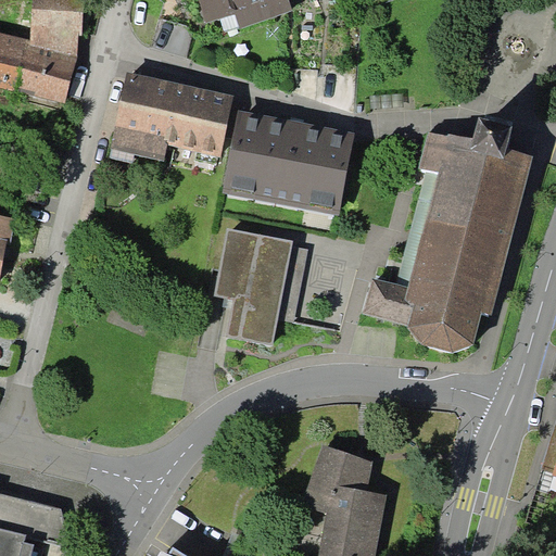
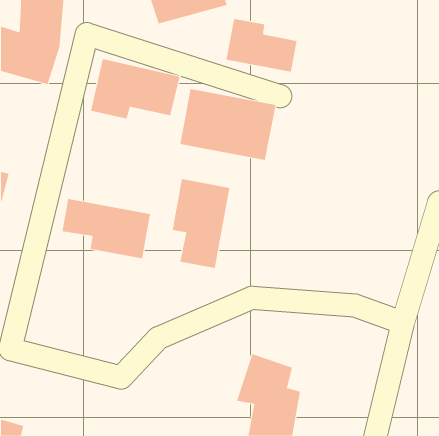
building: none -> [226,18,297,72]
building: [366,130,533,365] -> none
building: none -> [62,198,150,259]

